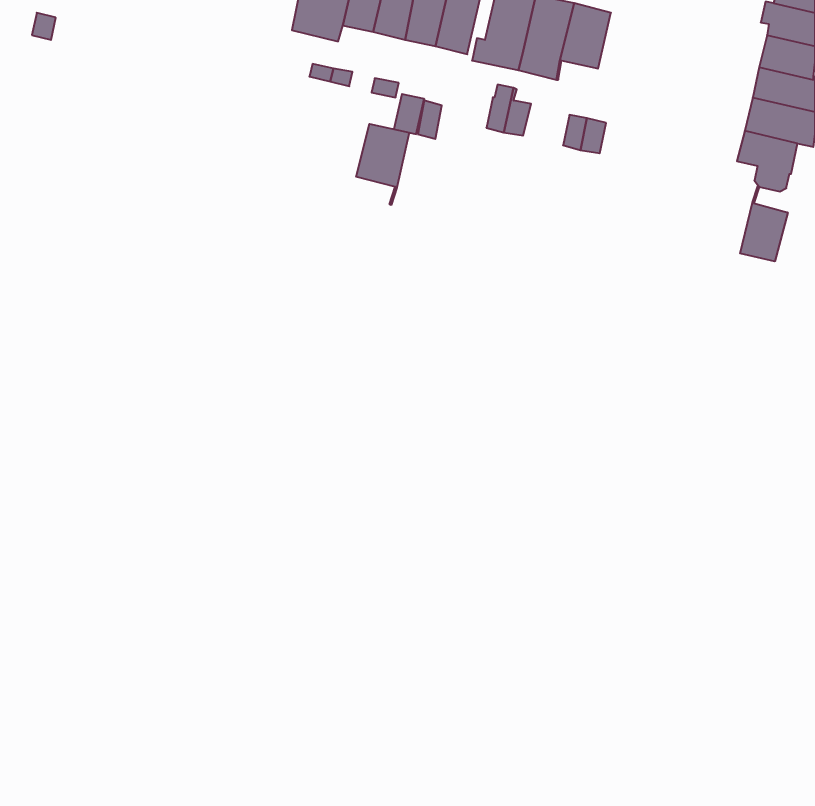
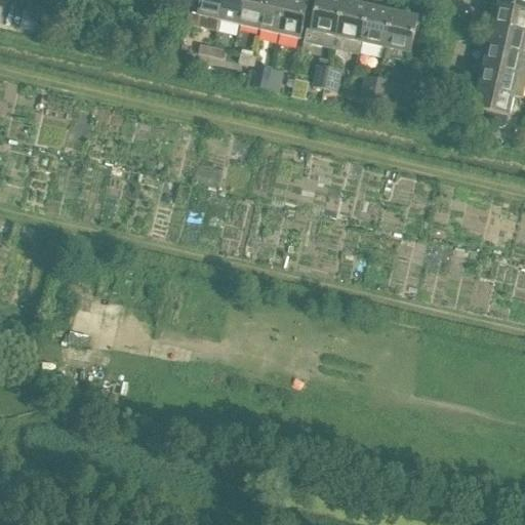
building: none -> [381,8,418,63]
building: [356,124,409,205] -> none
building: [740,186,788,261] -> none

